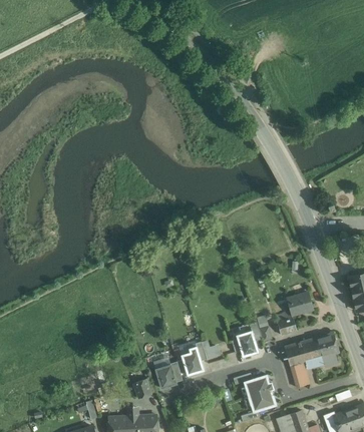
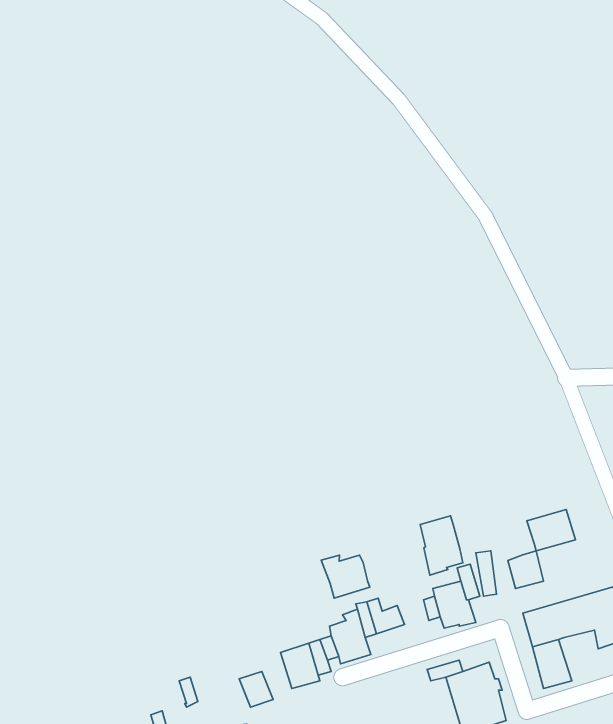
building: none -> [420,516,463,575]
building: none -> [321,555,370,598]

